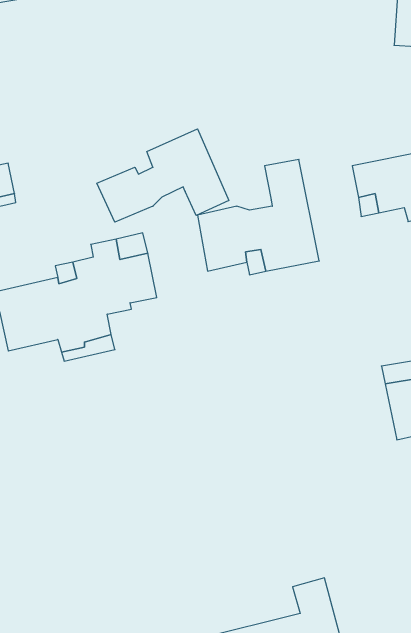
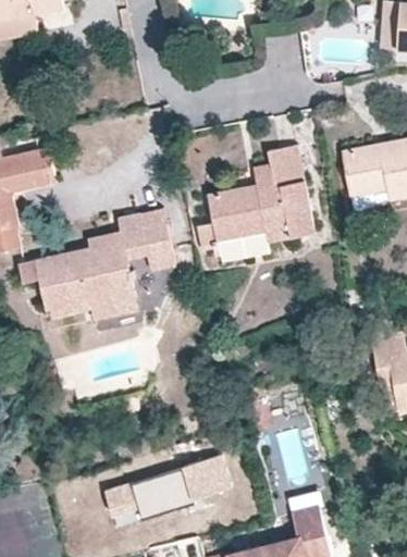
building: [97,129,229,222] -> none
building: none -> [102,450,230,516]

